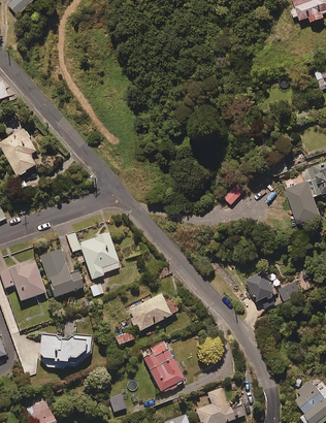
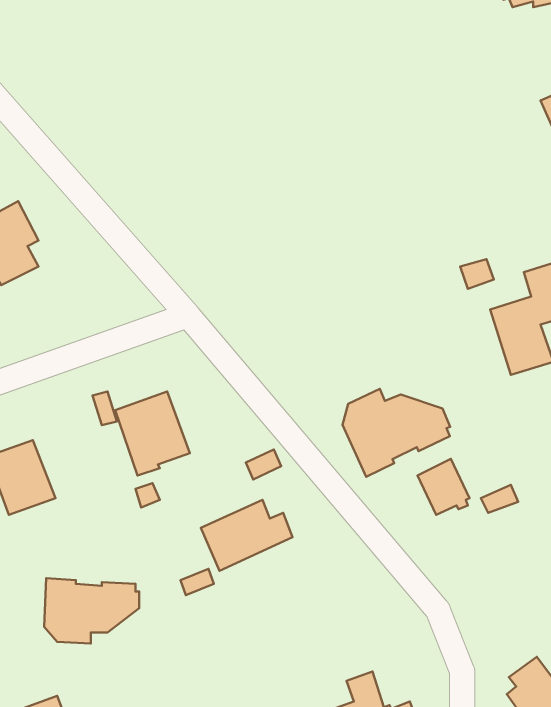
building: none -> [343,389,450,477]
building: [39,249,83,297] -> none
building: [139,341,184,393] -> none

